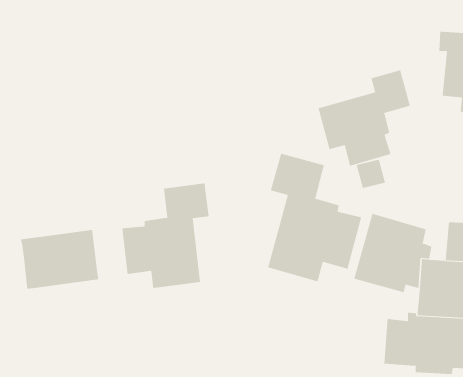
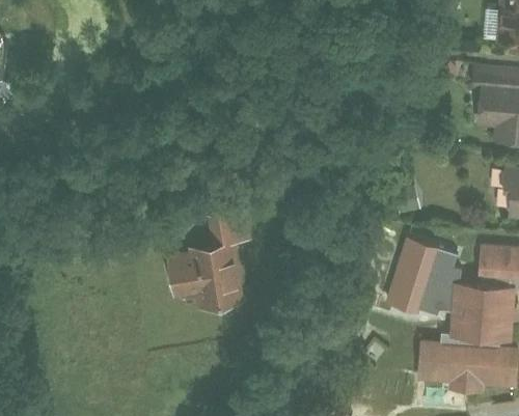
building: [318,70,411,166] -> none
building: [268,153,362,282] -> none
building: [20,229,99,289] -> none

